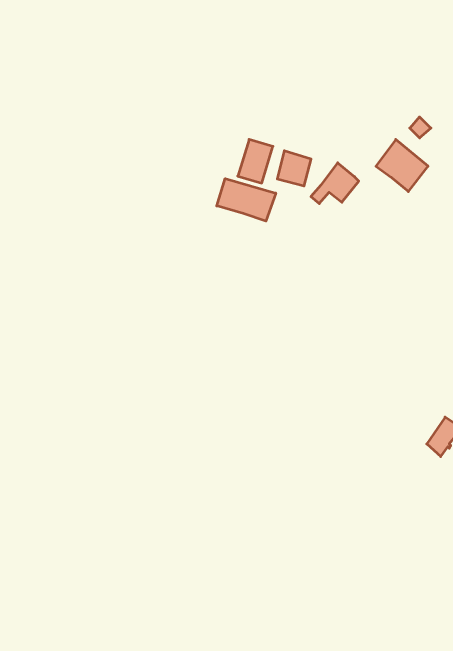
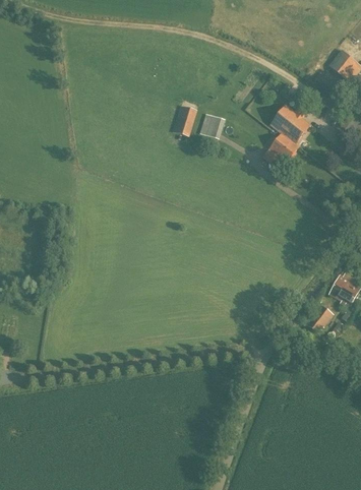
building: [311,163,359,204] -> [263,132,298,162]
building: [217,179,276,221] -> none

